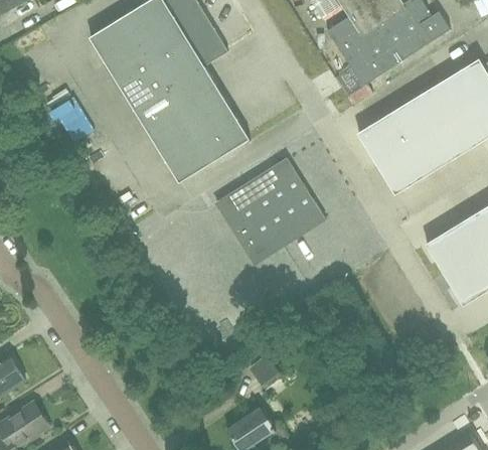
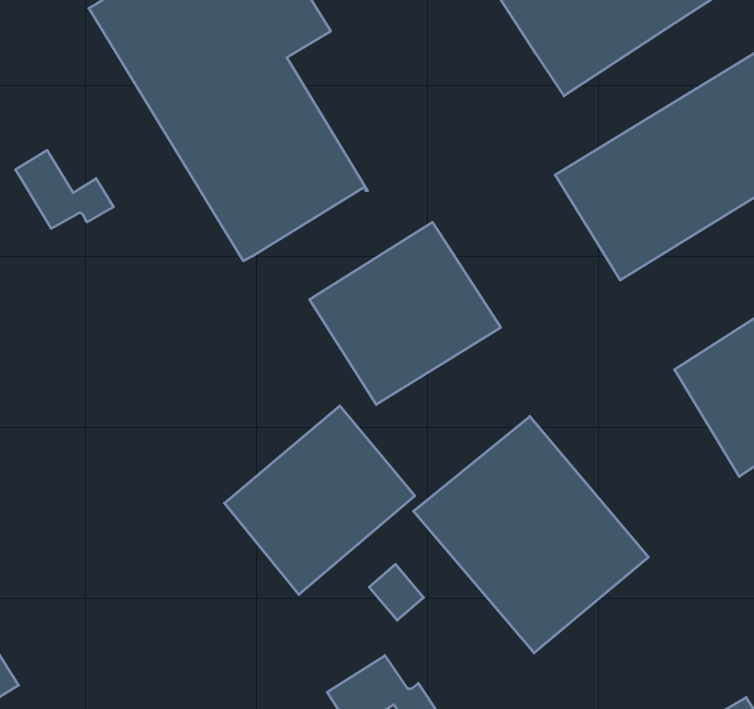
building: none -> [15,150,114,228]
building: none -> [224,406,415,595]
building: none -> [413,416,648,653]

